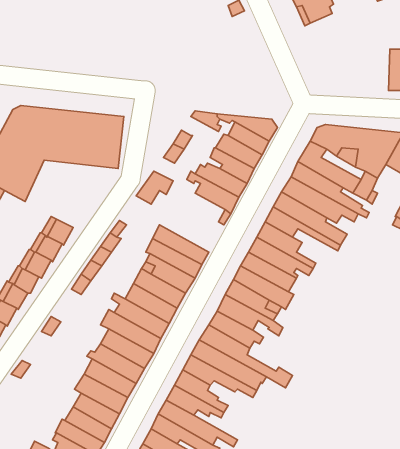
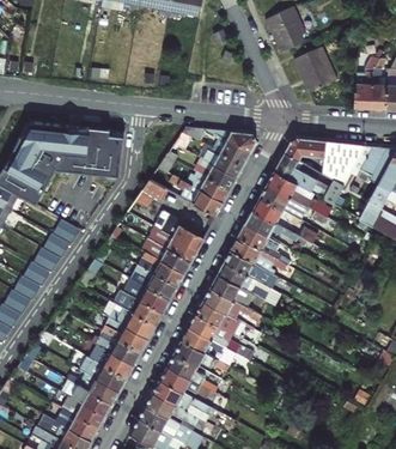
building: none -> [294,45,337,91]
building: none -> [163,214,205,249]

